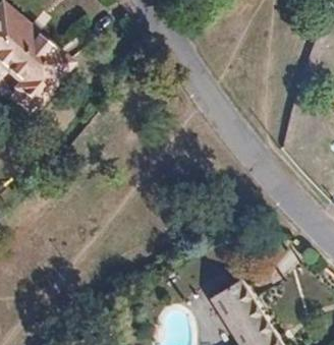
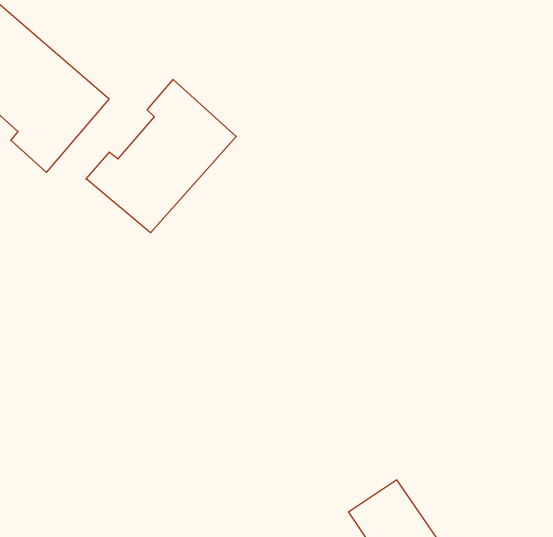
building: none -> [86,80,236,233]

